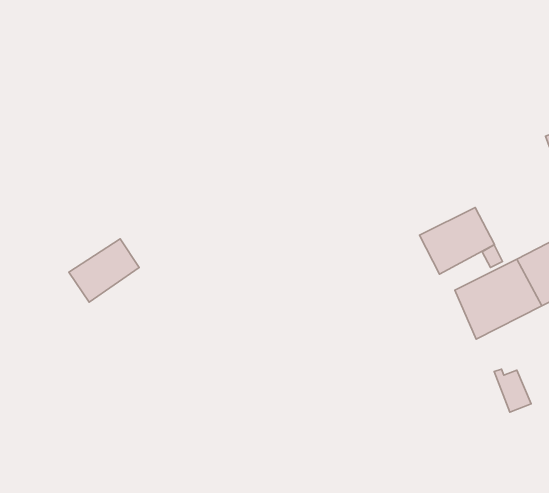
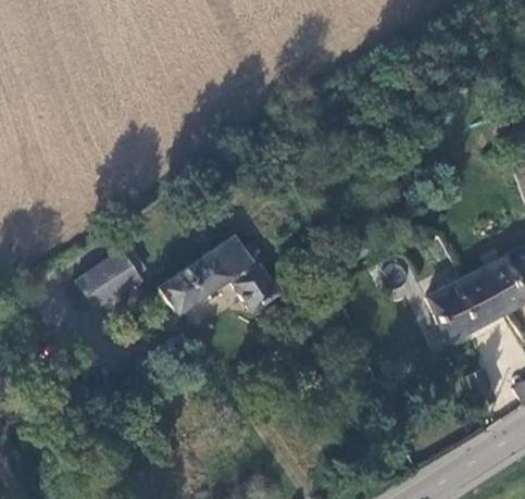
building: [420,207,495,274] -> none
building: none -> [162,236,282,312]

